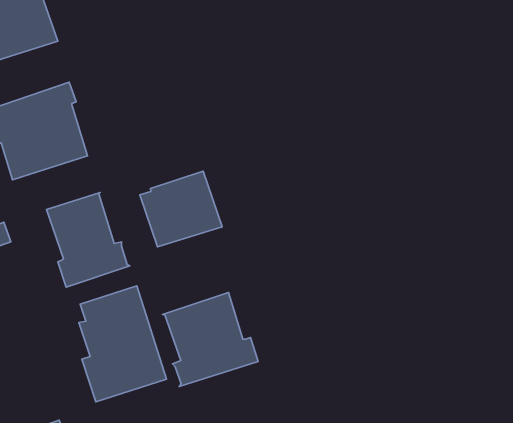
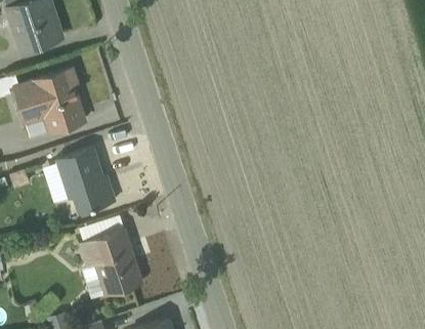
building: [140,171,222,247] -> none
building: [163,293,258,387] -> none

